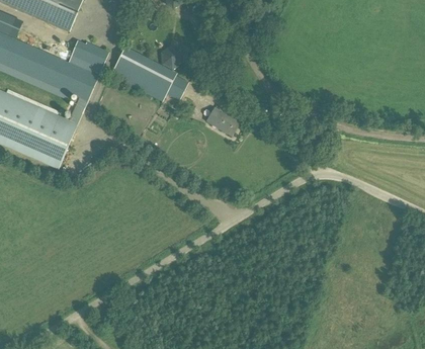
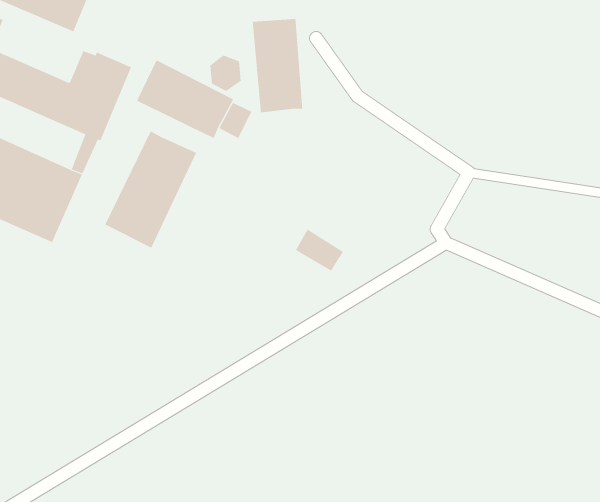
building: none -> [252,18,303,113]
building: none -> [104,130,197,248]
building: [205,106,238,135] -> [295,229,344,272]

